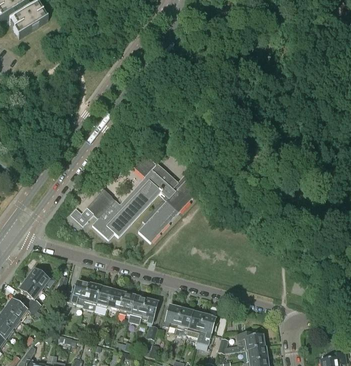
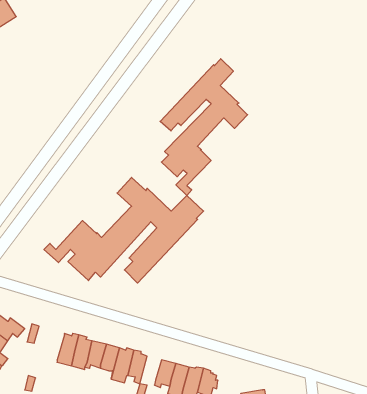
building: none -> [160,59,248,195]
building: [63,281,88,305] -> none

